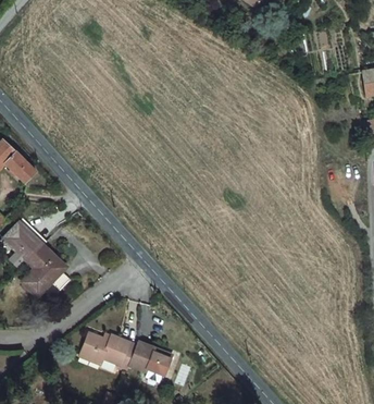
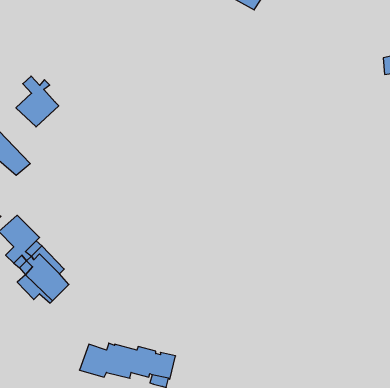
building: none -> [16,76,59,127]

